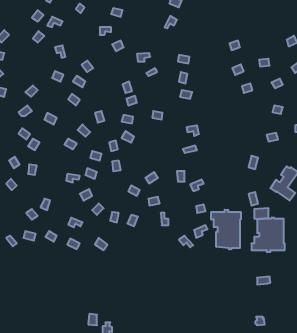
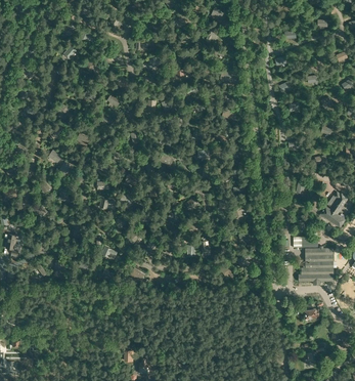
building: [211,210,241,249] -> none

